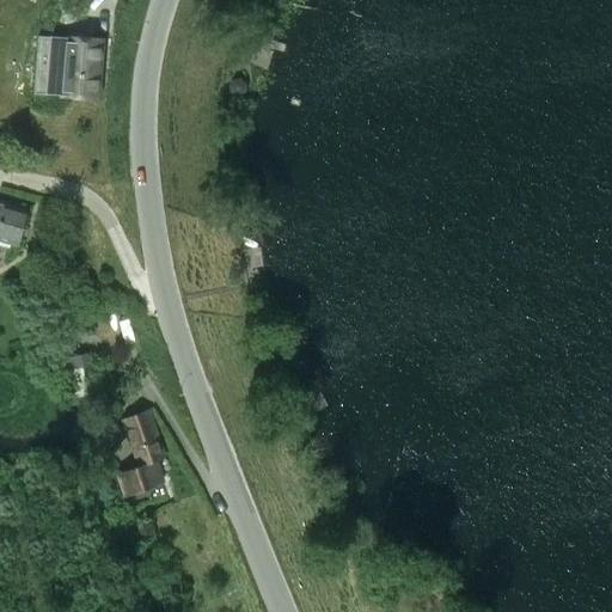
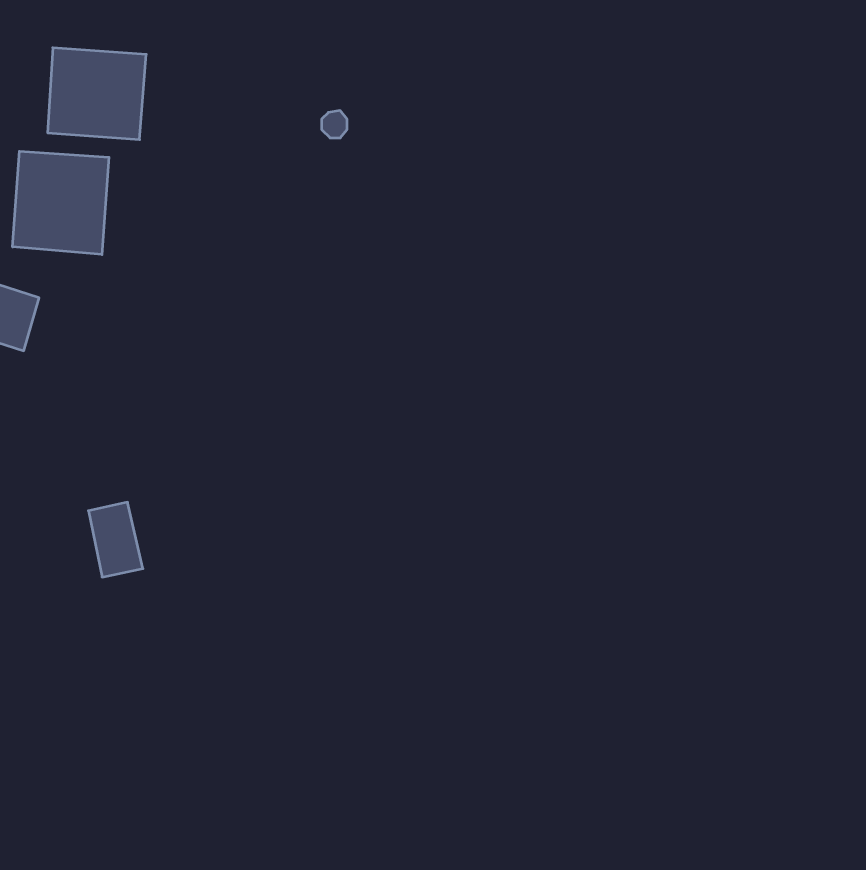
building: none -> [13,151,109,255]
building: [117,410,165,494] -> none

